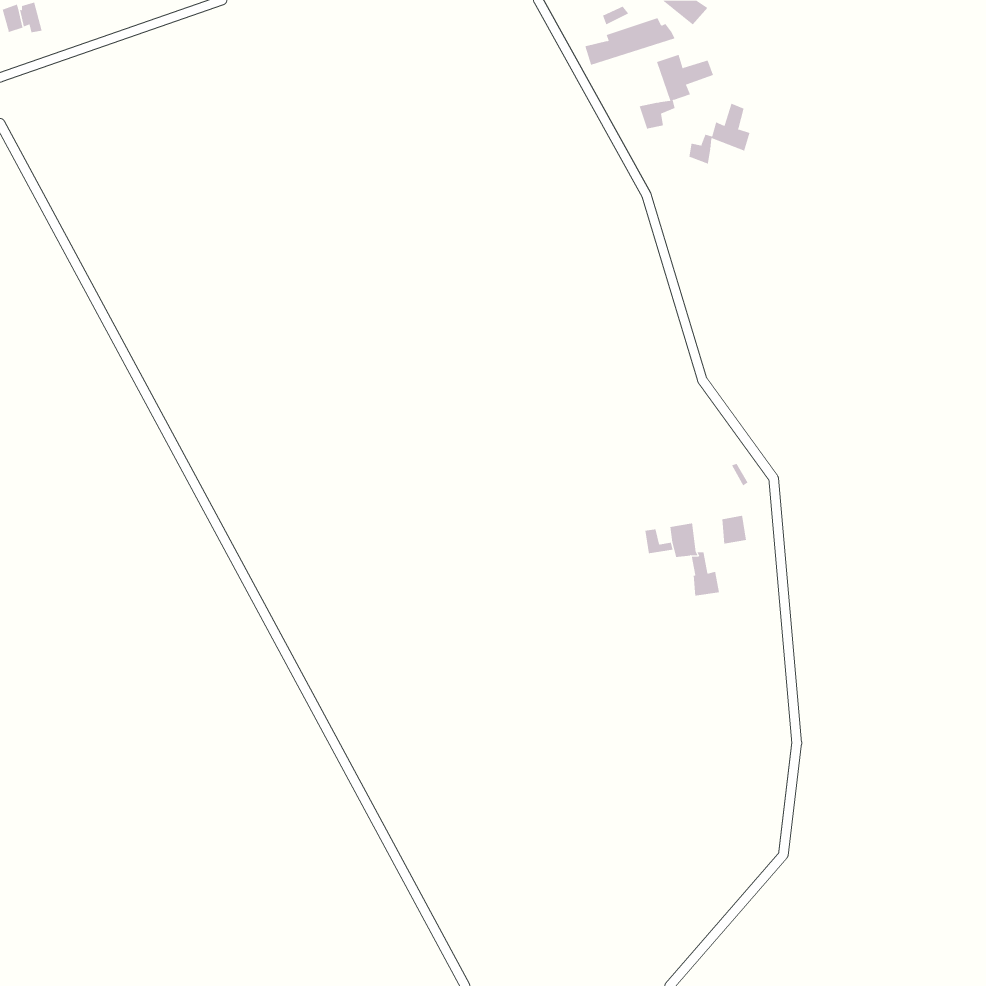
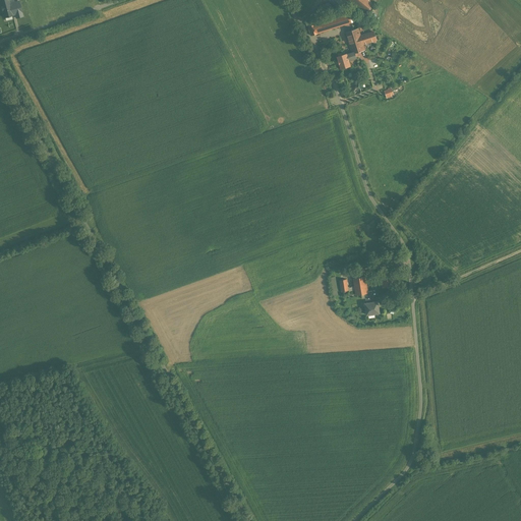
building: [689,103,750,164] -> none

